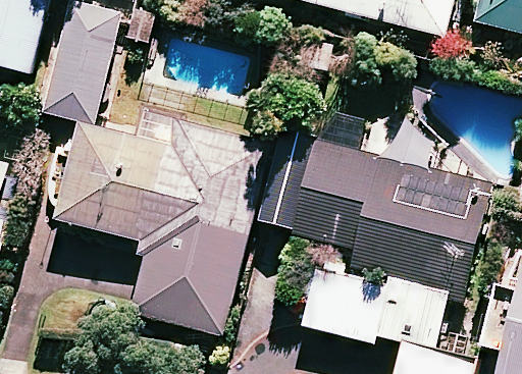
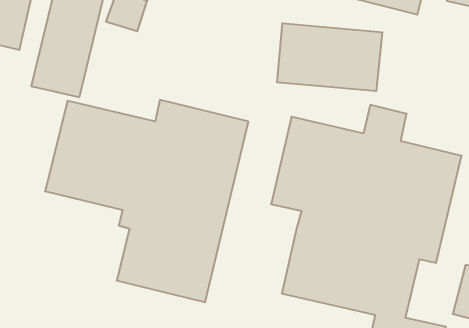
building: none -> [277,23,382,91]

